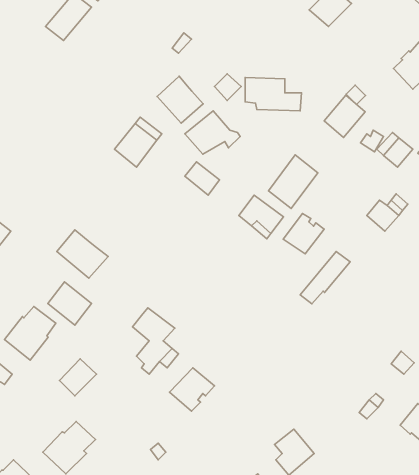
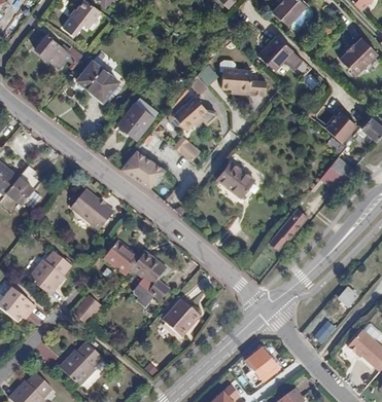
building: none -> [34,35,82,69]
building: none -> [75,60,115,99]
building: [157,76,203,123] -> none
building: [324,95,365,137] -> [261,37,293,71]
building: [269,155,318,209] -> none
building: none -> [119,150,164,188]
building: [283,213,324,254] -> none
building: [48,282,92,325] -> [104,241,139,276]

